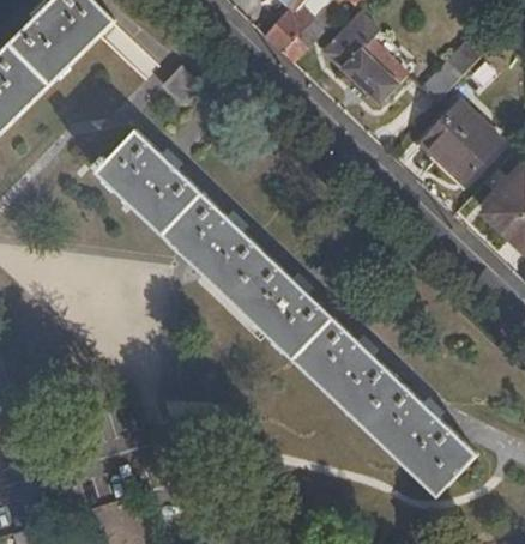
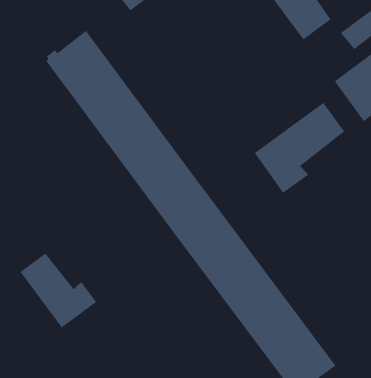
building: none -> [254,102,345,194]
building: none -> [19,252,97,328]

